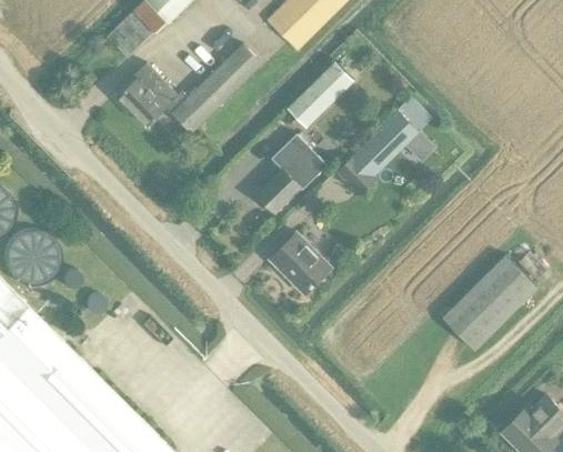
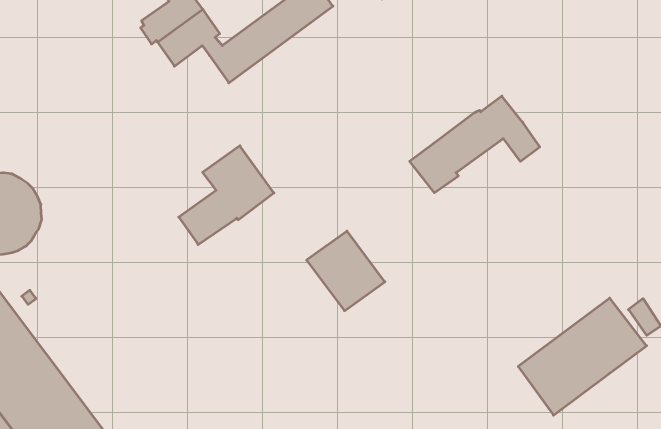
building: [285,60,354,128] -> none
building: [257,132,326,212] -> [179,146,274,245]

